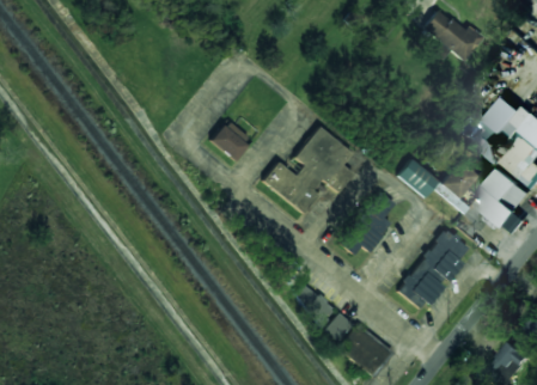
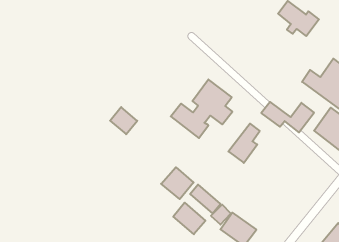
building: [209,120,250,160] -> [110,107,137,134]
building: [396,228,468,310] -> none
building: none -> [161,167,194,199]
building: none -> [173,203,205,234]

